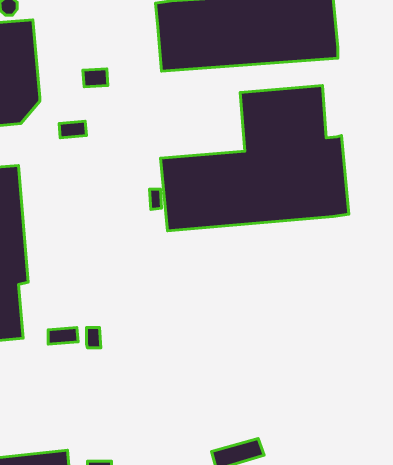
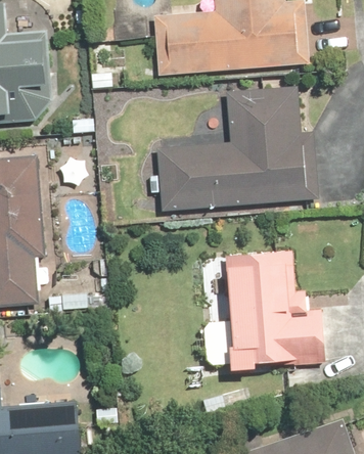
building: none -> [224,251,326,369]

